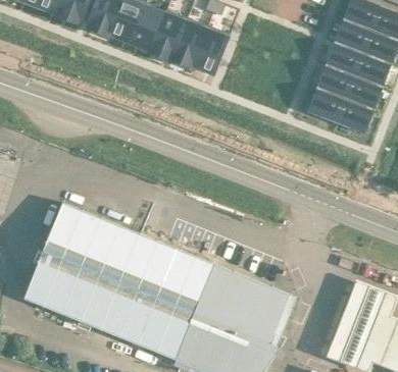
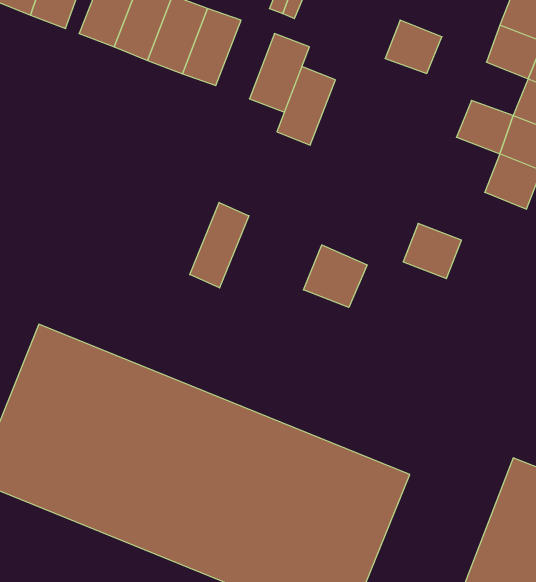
building: [171,17,207,65] -> [277,67,335,145]
building: [328,43,362,75] -> [385,20,442,73]
building: [309,89,345,122] -> [403,223,461,279]
building: none -> [190,202,249,288]
building: none -> [303,245,367,307]

